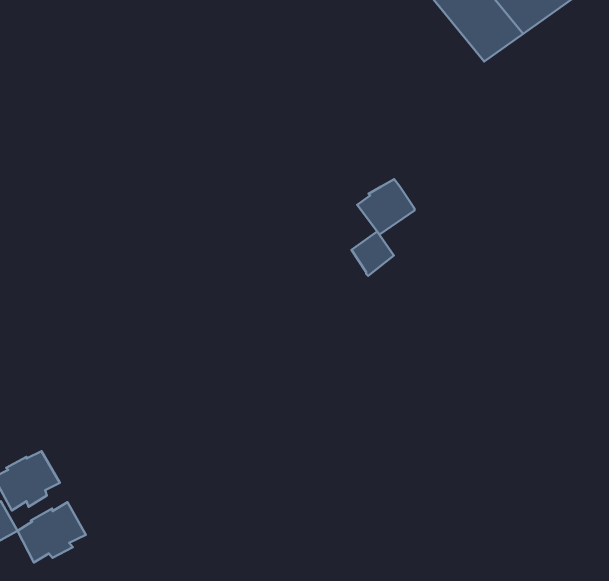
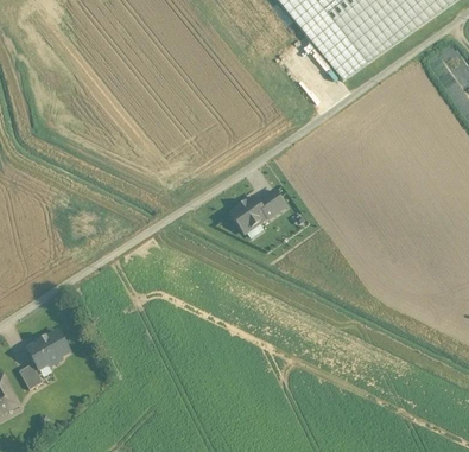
building: [357,179,415,234] -> [230,196,267,231]
building: [17,502,86,563] -> none

